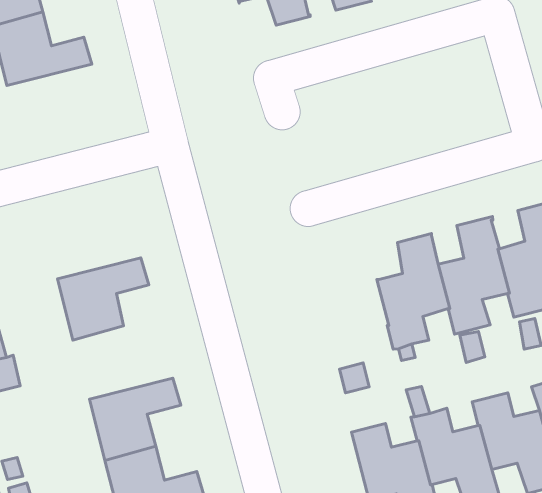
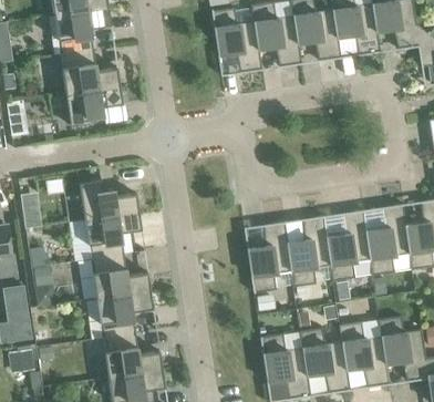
building: none -> [65,85,123,126]
building: none -> [79,179,138,219]
building: none -> [247,221,291,292]
building: none -> [90,254,151,298]

